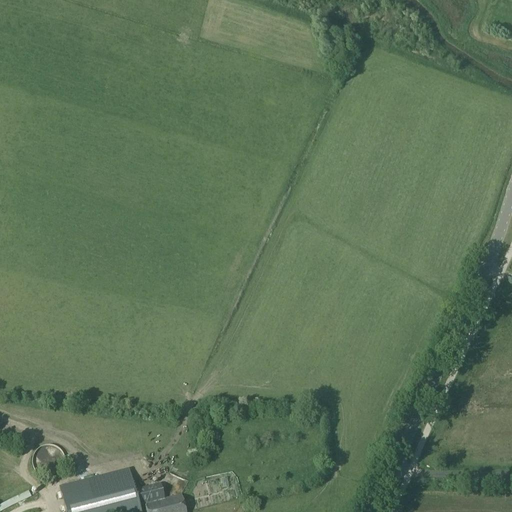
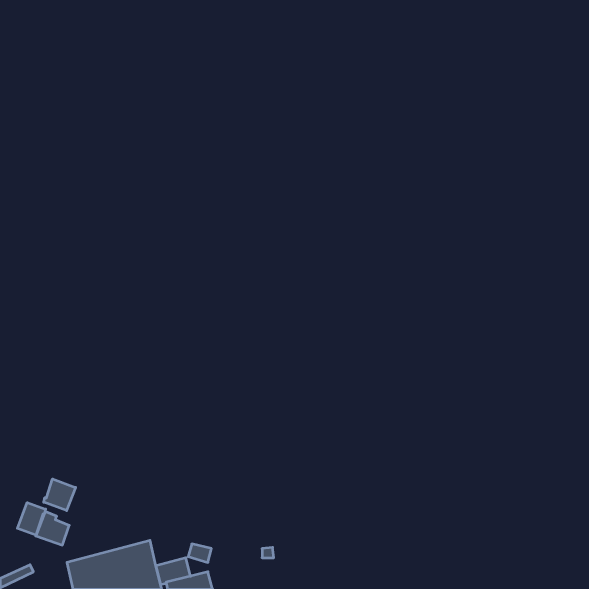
building: none -> [44,479,76,511]
building: none -> [17,503,46,535]

